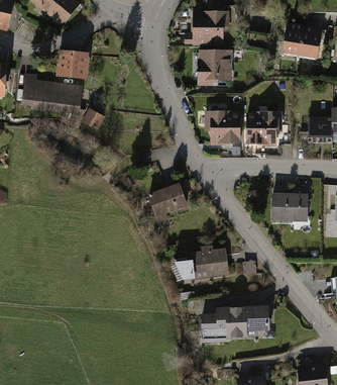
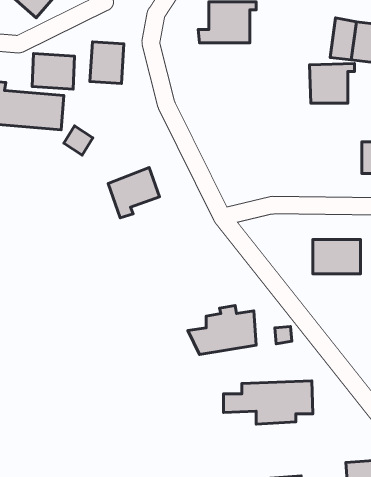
building: none -> [90,42,124,83]
building: [197,52,231,85] -> none
building: [204,112,241,143] -> none
building: [247,113,282,143] -> [310,64,354,103]
building: [148,183,188,221] -> [108,168,160,218]

